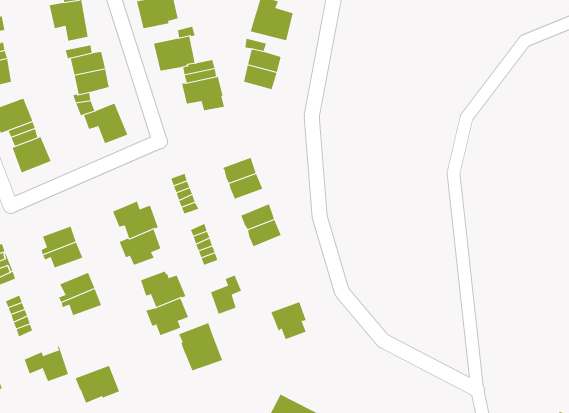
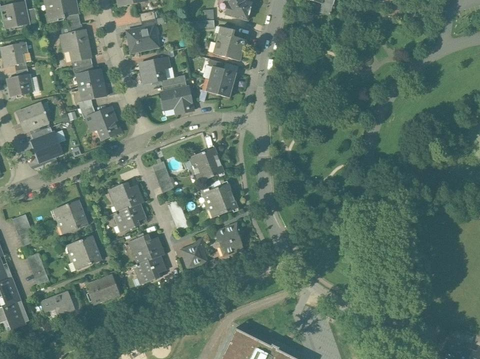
building: [271,302,306,340] -> [215,224,242,253]
building: [179,322,223,371] -> none
building: [75,365,120,403] -> [85,275,119,304]

